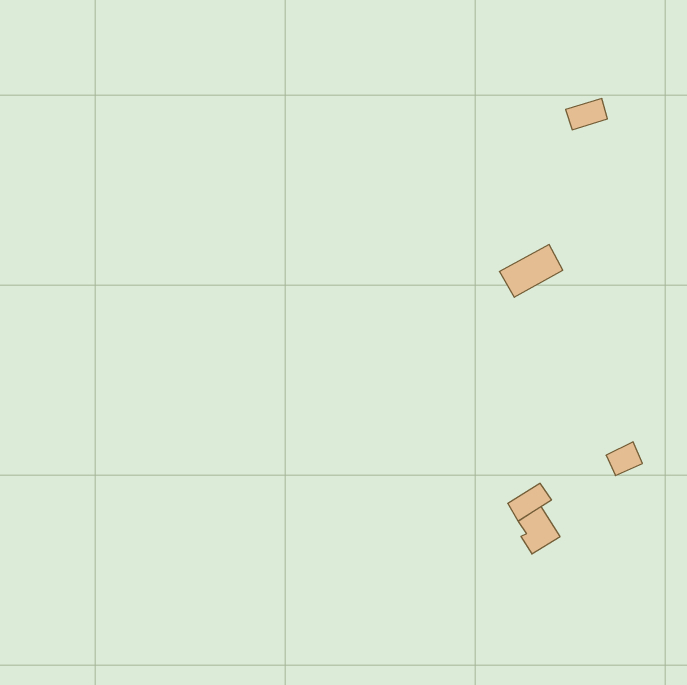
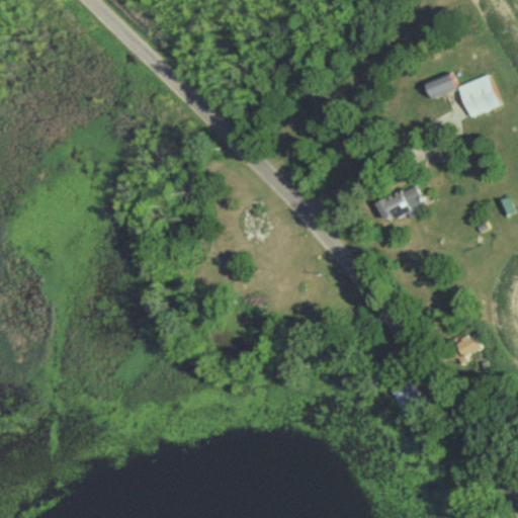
building: none -> [456,74,499,116]
building: [508,483,551,521] -> none

